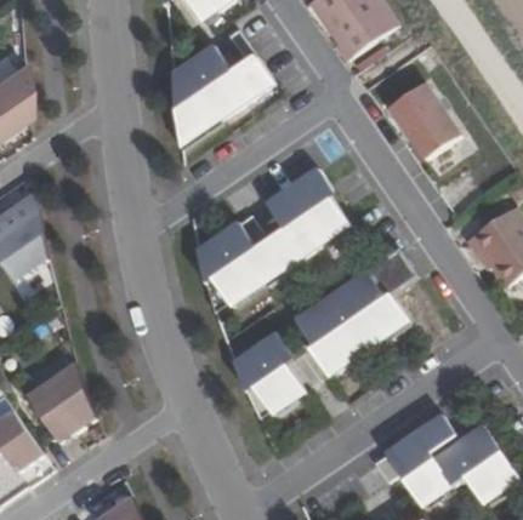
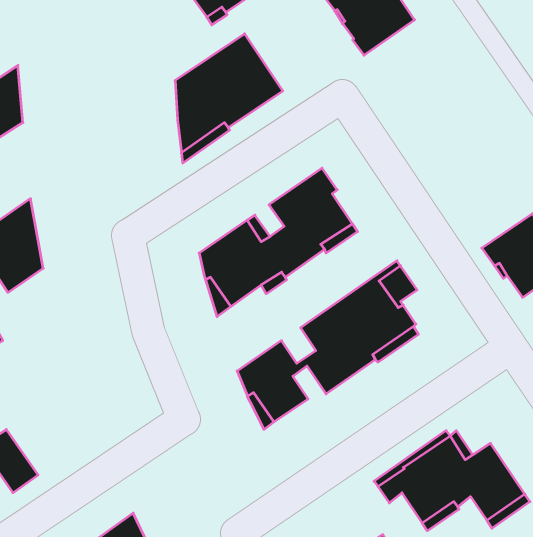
building: [390,84,461,160] -> none
building: [25,364,97,435] -> none

